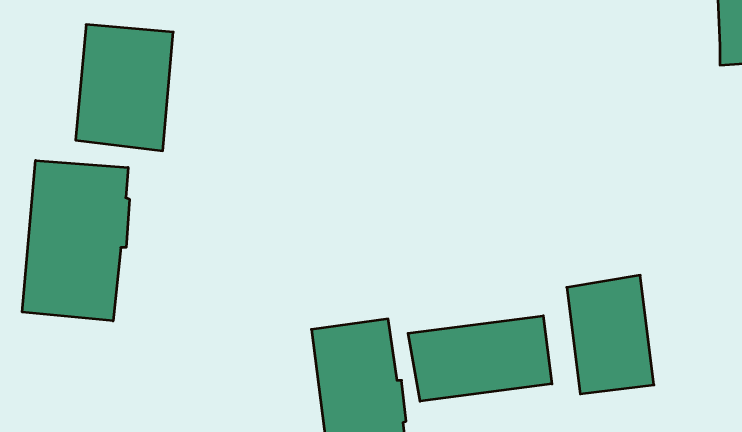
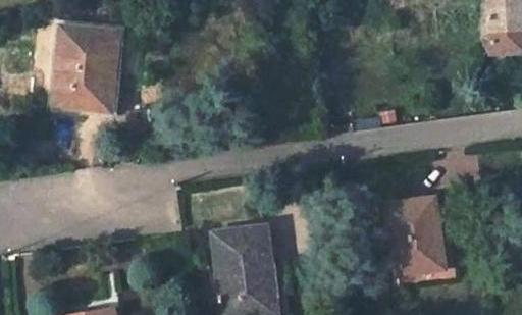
building: [22,160,129,321] -> none
building: [408,316,552,401] -> none

